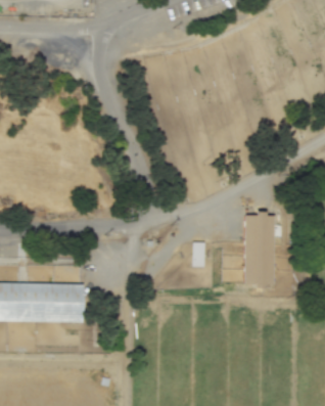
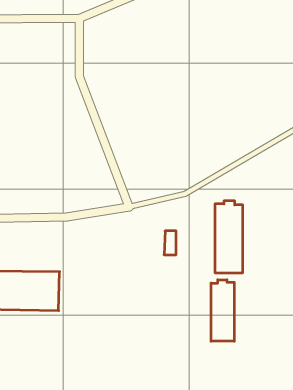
building: none -> [211,280,234,341]

